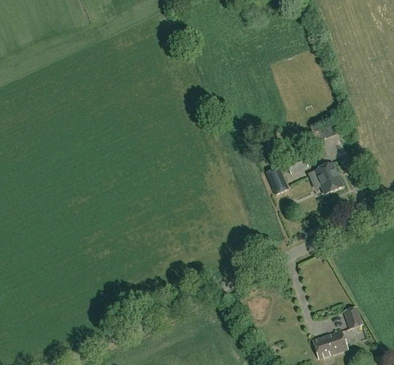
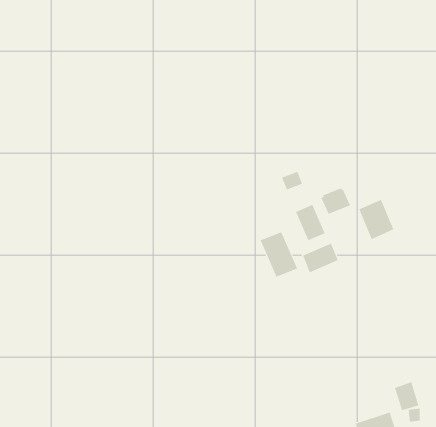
building: none -> [260,231,298,277]
building: none -> [303,243,338,273]

